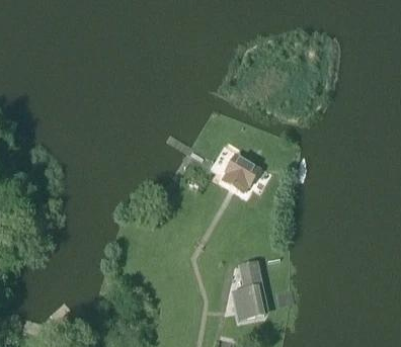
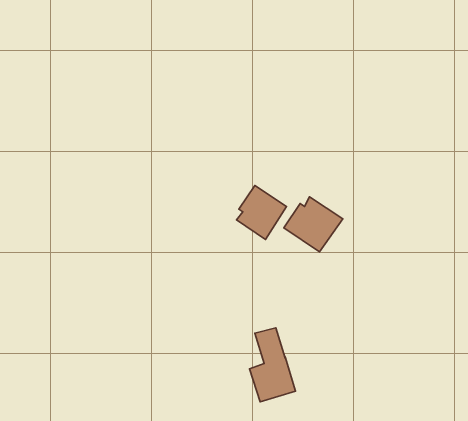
building: none -> [284,197,343,252]

